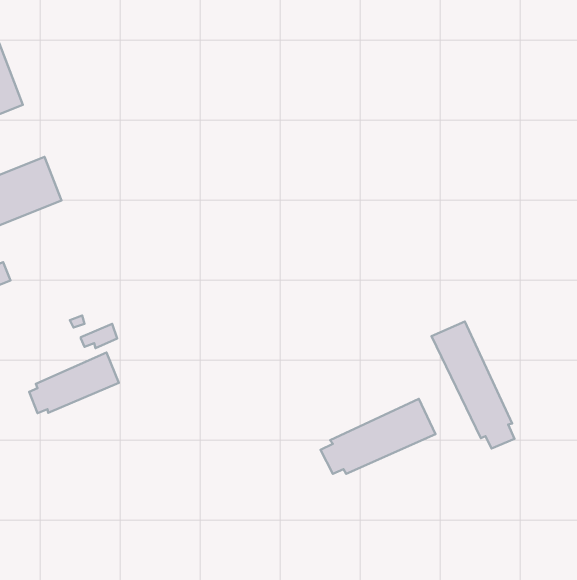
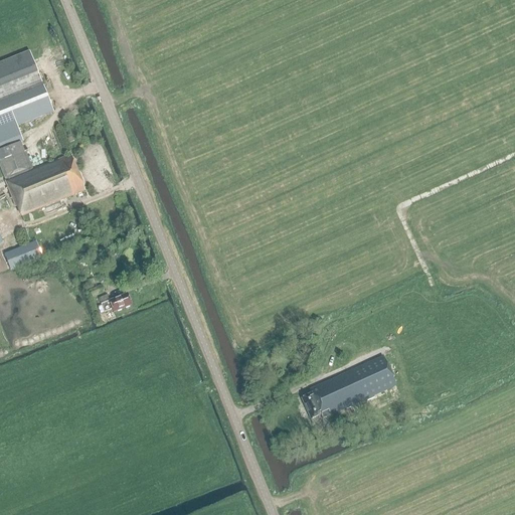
building: [432,321,515,449] -> none
building: [29,353,119,413] -> none

